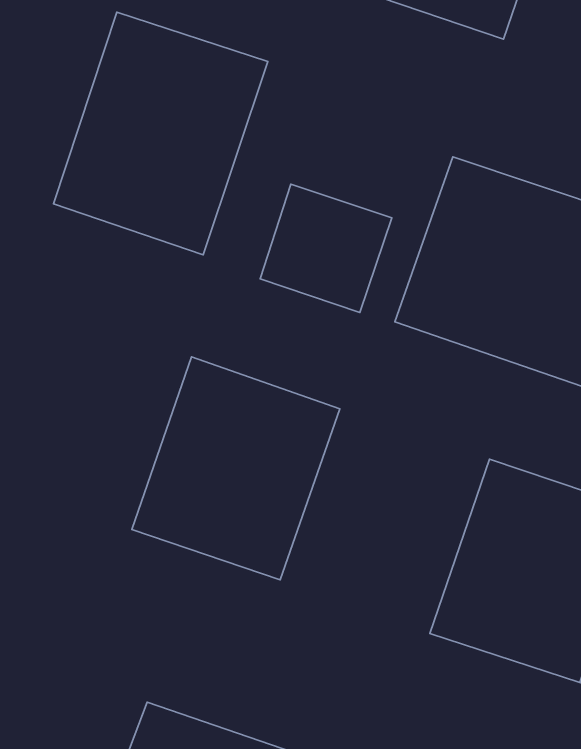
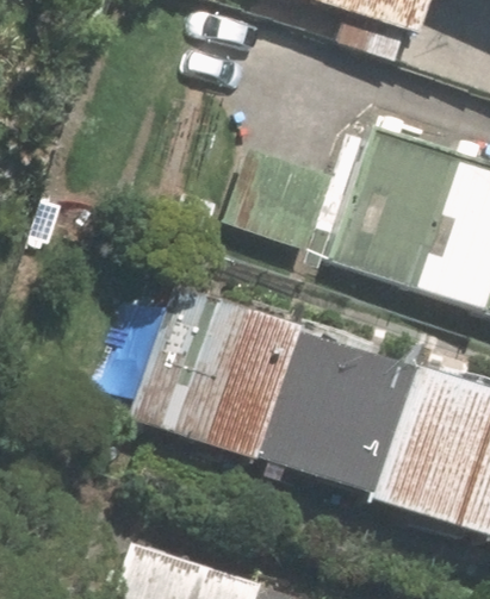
building: [54,12,268,255] -> none
building: none -> [242,324,405,499]

